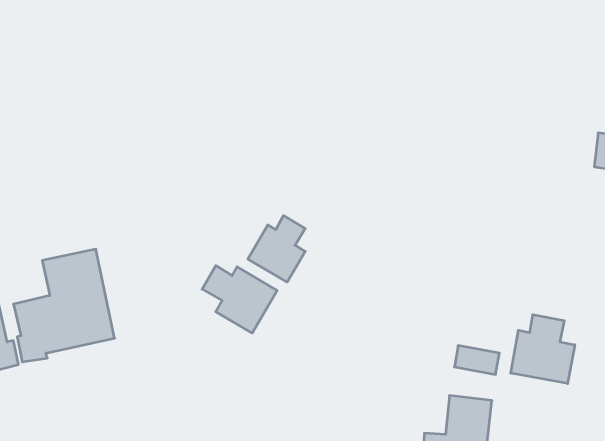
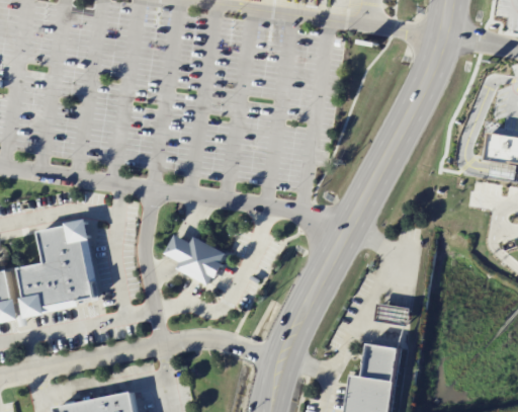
building: [248,216,305,282] -> none
building: [511,315,575,384] -> none

